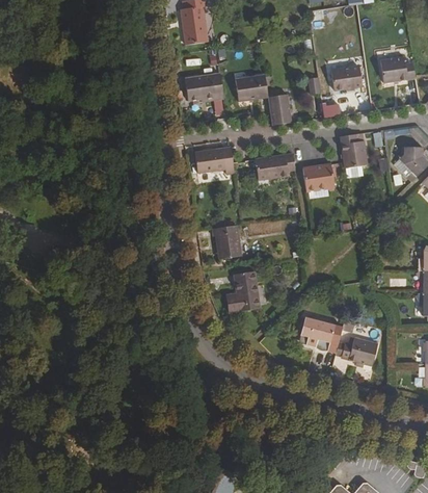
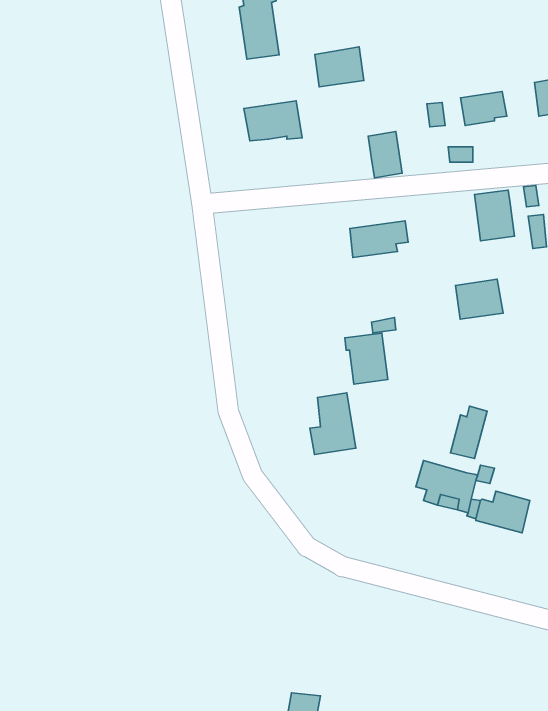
building: [235,74,268,101] -> [315,47,364,87]
building: [194,147,234,174] -> none
building: [302,163,335,190] -> [456,279,503,319]
building: [212,225,241,259] -> [345,333,388,384]
building: none -> [450,406,487,458]

